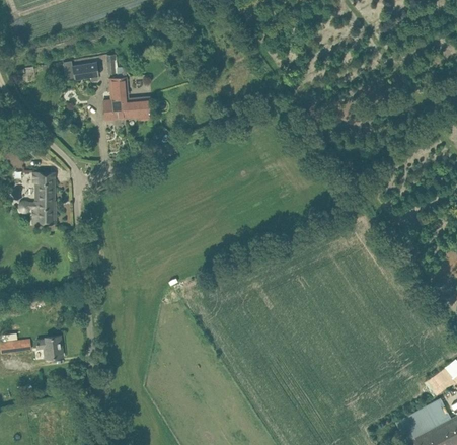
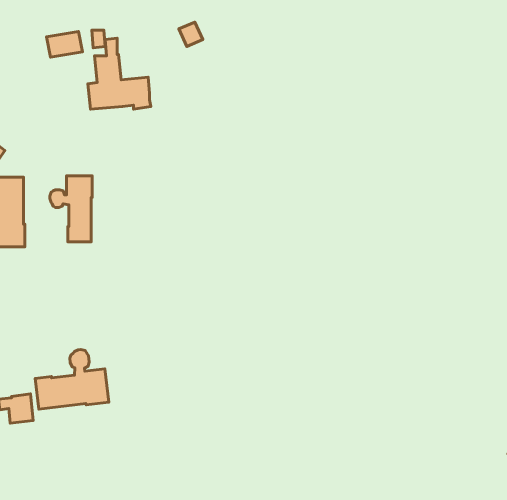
building: none -> [50,176,92,242]
building: none -> [35,349,109,409]

